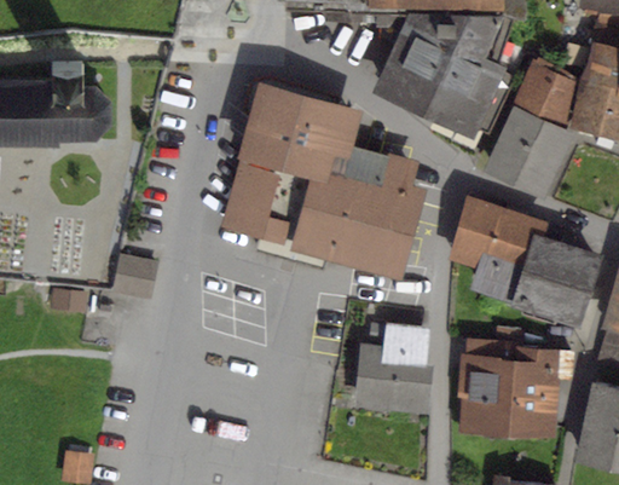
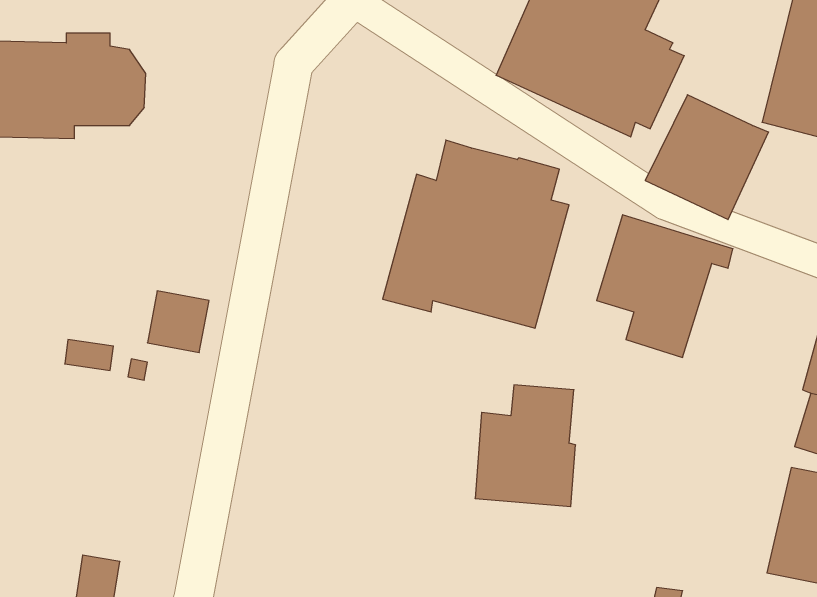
building: [513,59,578,129] -> none
building: [221,81,364,259] -> none
building: [510,232,603,328] -> none
building: [457,339,575,437] -> none

